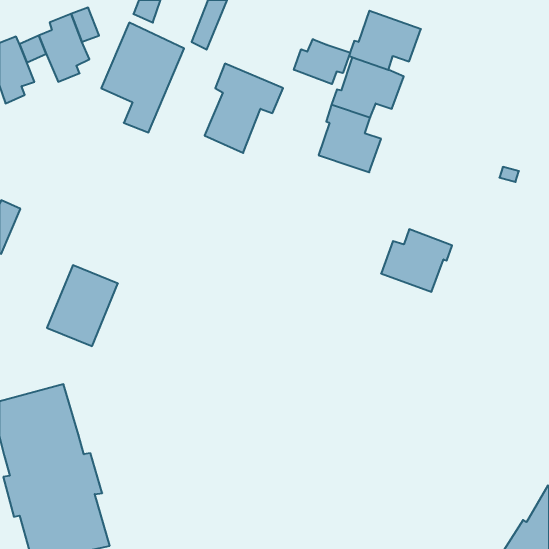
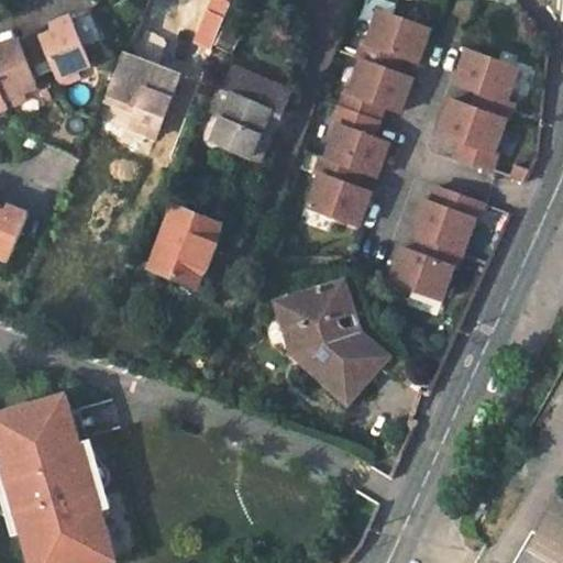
building: [294,39,350,84] -> none
building: none -> [439,49,519,170]
building: none -> [308,158,372,227]
building: none -> [410,185,484,252]
building: [47,265,118,346] -> [143,205,216,287]
building: none -> [278,280,383,401]

